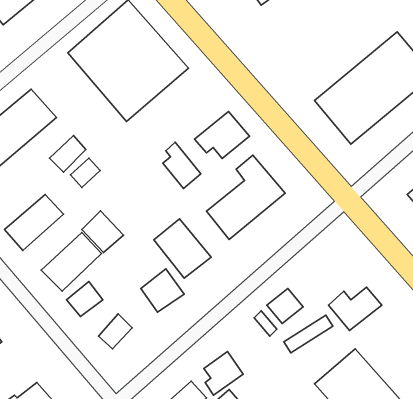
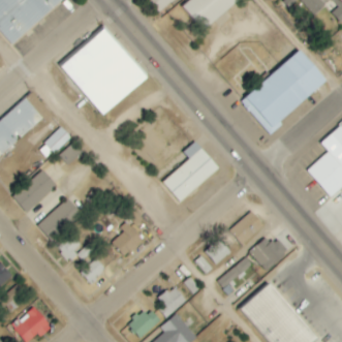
building: [195,112,249,159] -> none
building: [163,142,201,189] -> none
building: [82,211,123,252] -> none
building: [154,219,211,278] -> none
building: none -> [229,210,265,245]

